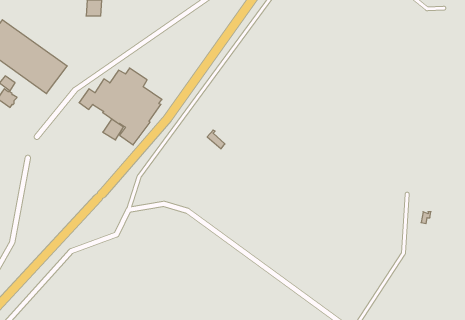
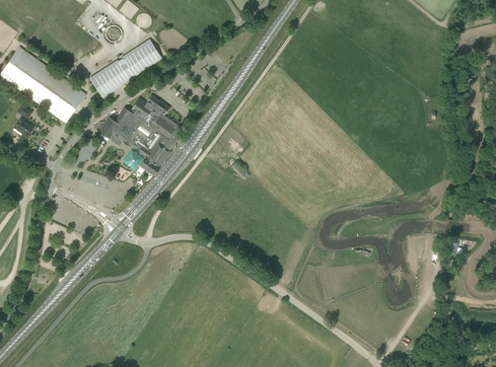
building: none -> [89,39,162,98]

